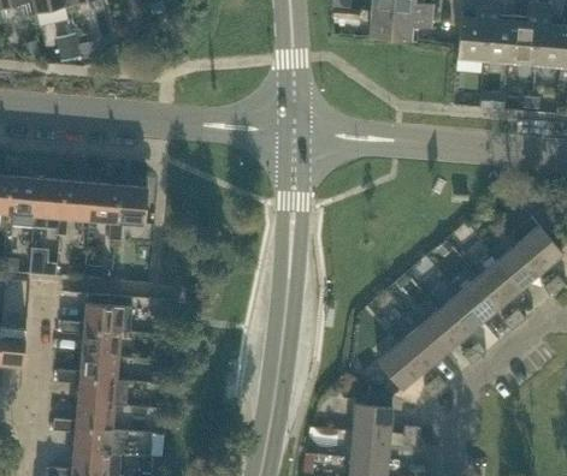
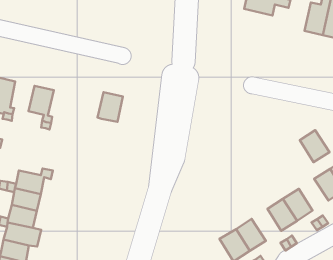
building: [61,182,91,220] -> none
building: [116,186,147,225] -> [97,92,123,122]
building: [478,261,521,305] -> [300,130,329,162]
building: [418,311,461,356] -> none

